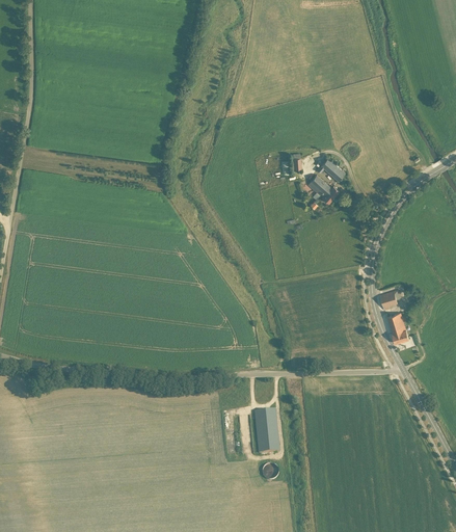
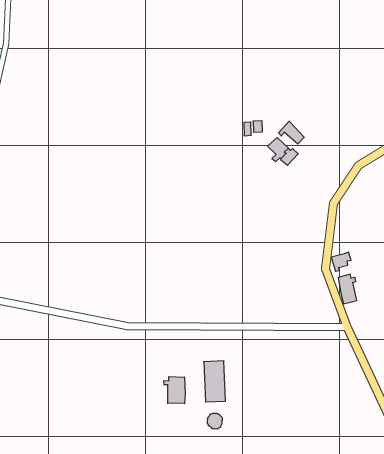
building: none -> [164,377,185,404]

